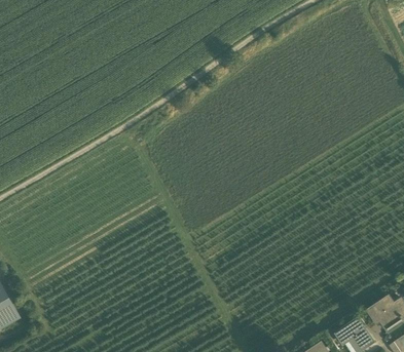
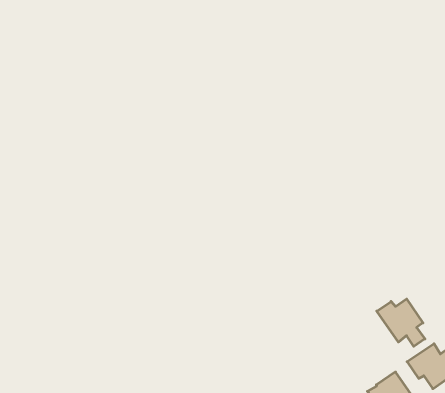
building: none -> [377,299,425,346]

